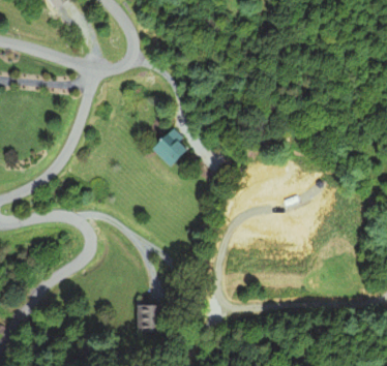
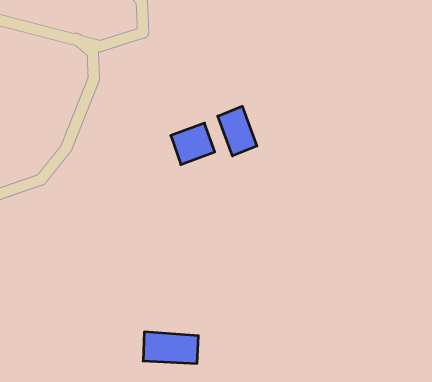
building: none -> [218,106,257,156]

